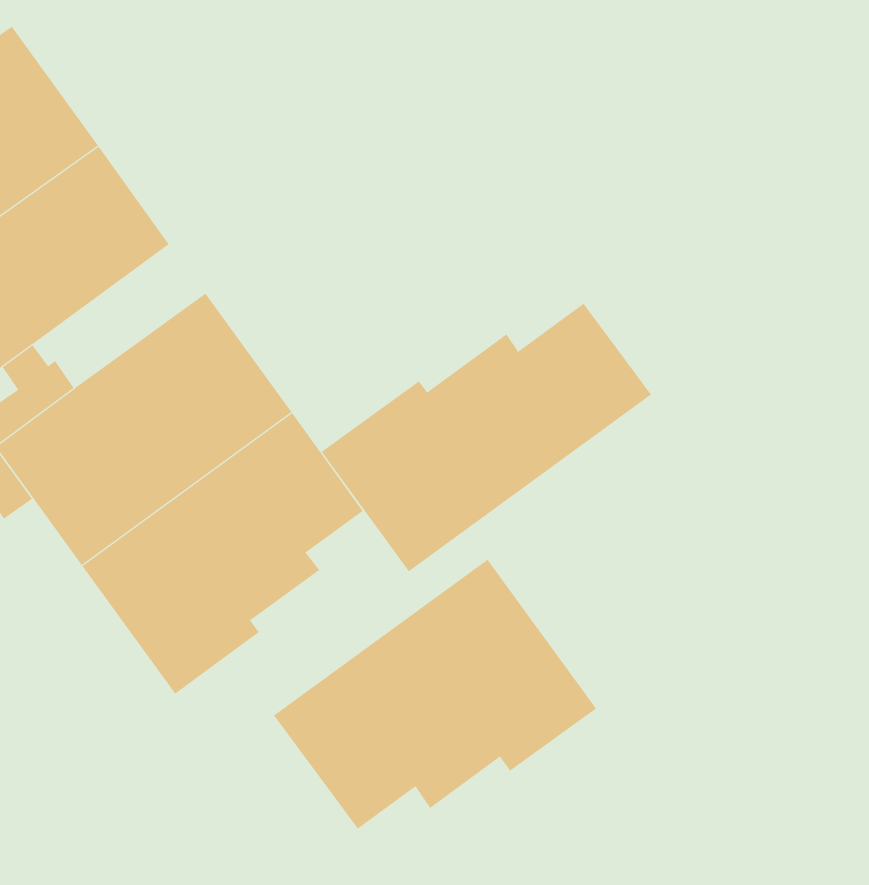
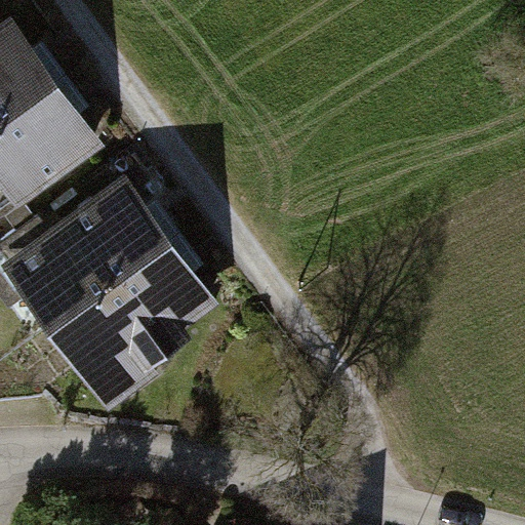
building: [321,303,652,572] -> none
building: [273,559,597,830] -> none

